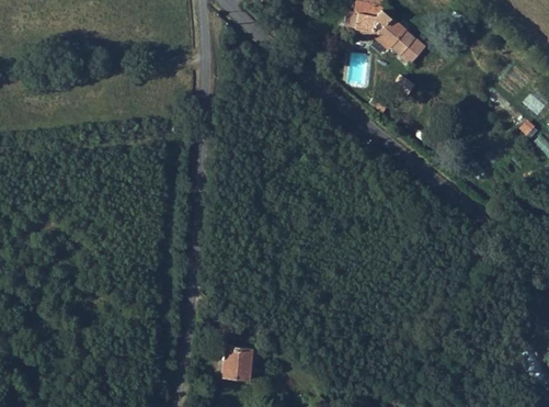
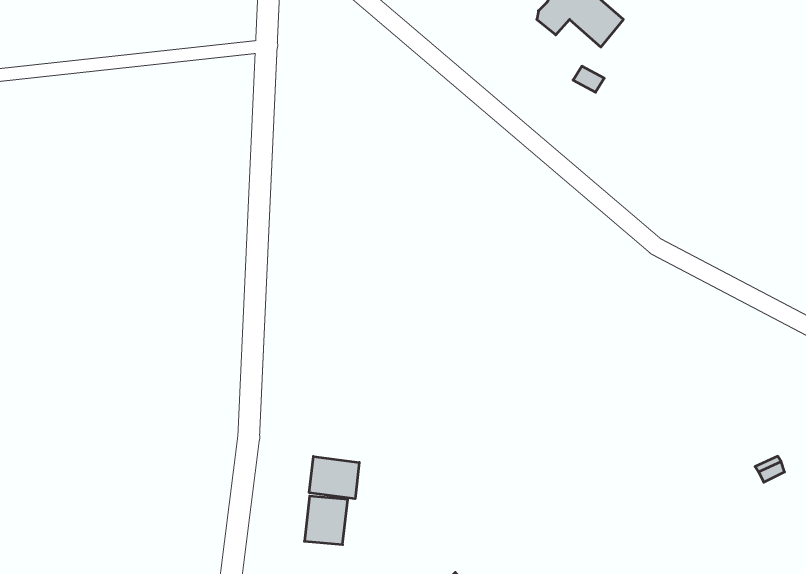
building: none -> [309,456,359,499]

